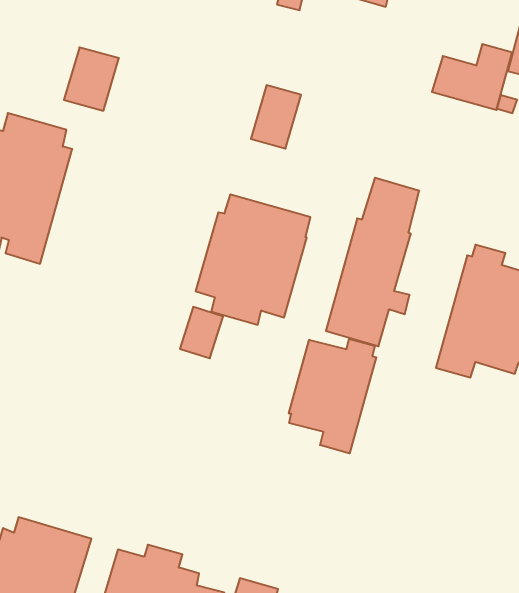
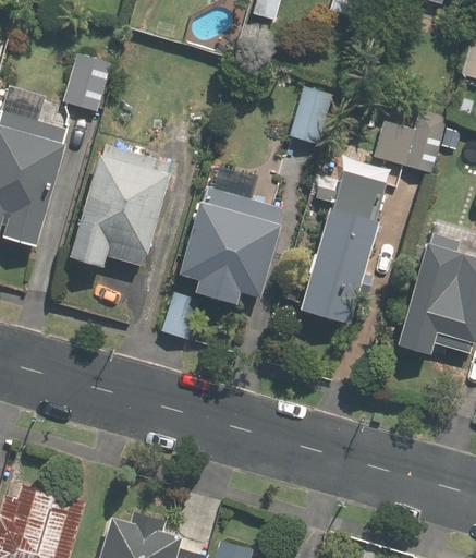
building: [432,44,512,110] -> [375,113,448,173]
building: [251,85,301,149] -> [286,86,332,144]
building: none -> [68,145,172,269]
building: [289,339,376,453] -> none

